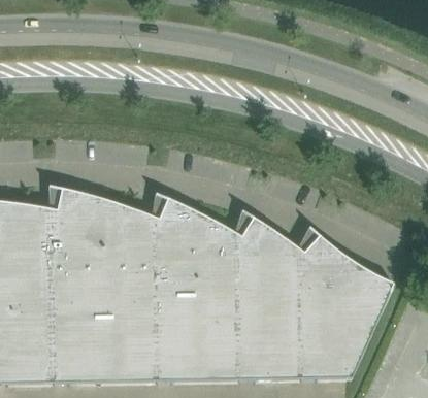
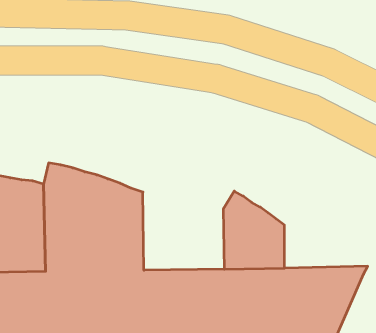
building: [158,197,241,298] -> none
building: [303,234,393,296] -> none

